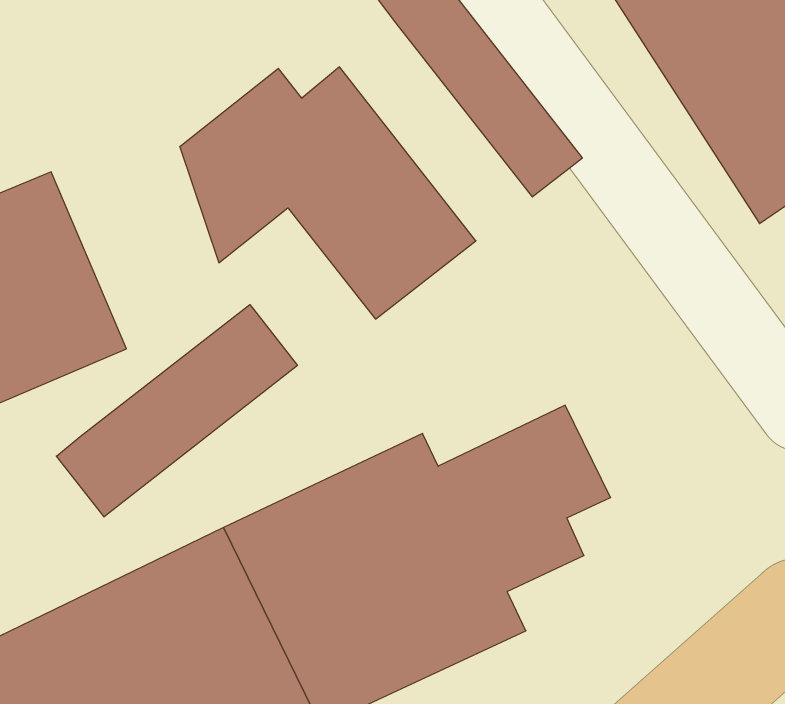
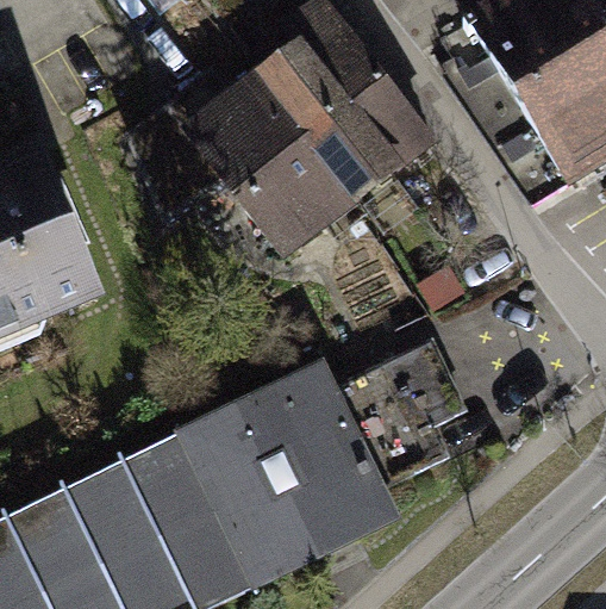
building: none -> [261,50,407,216]
building: [56,305,297,517] -> none

